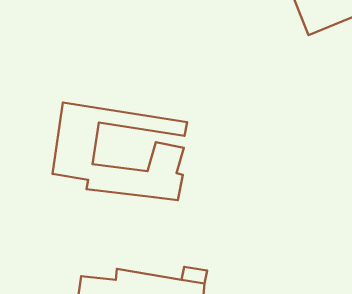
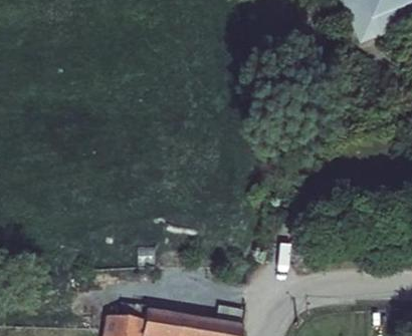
building: [53,103,187,200] -> none

